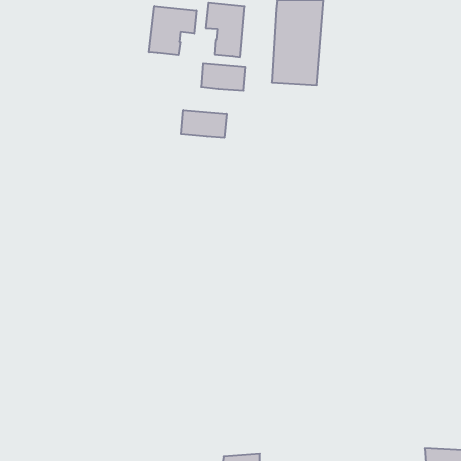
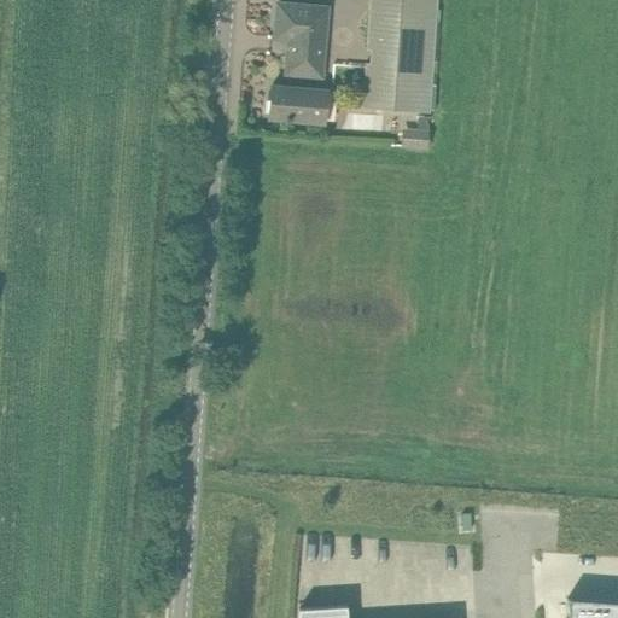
building: [149,6,196,55] -> none
building: [181,110,227,138] -> none

